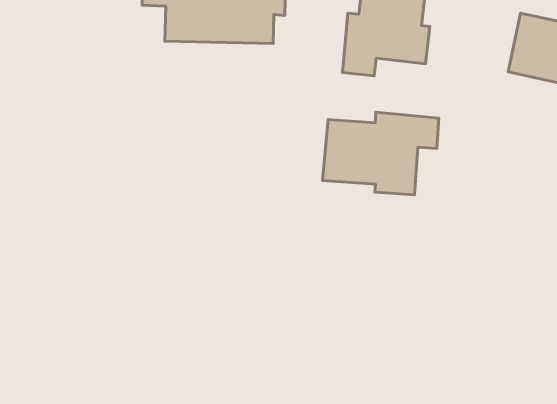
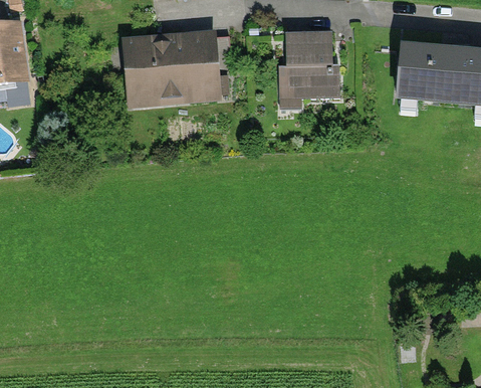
building: [322,112,439,195] -> none

